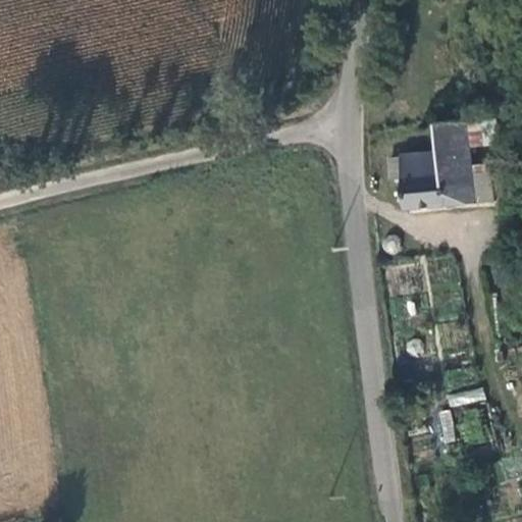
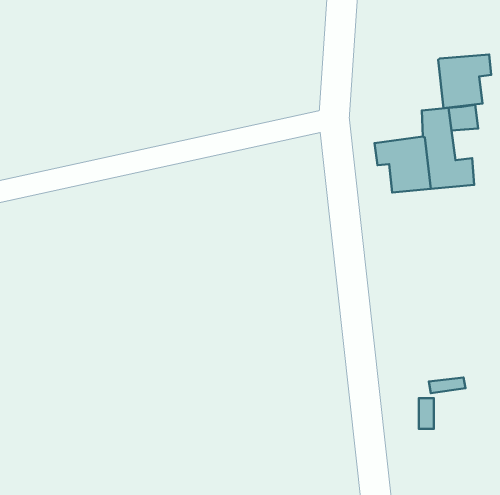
building: none -> [438,54,491,108]

